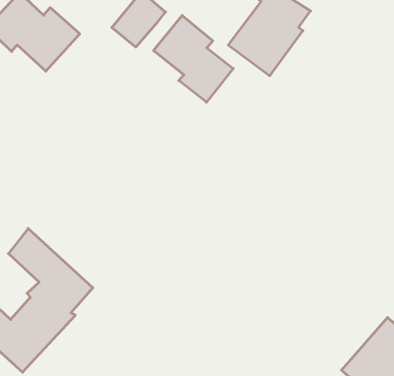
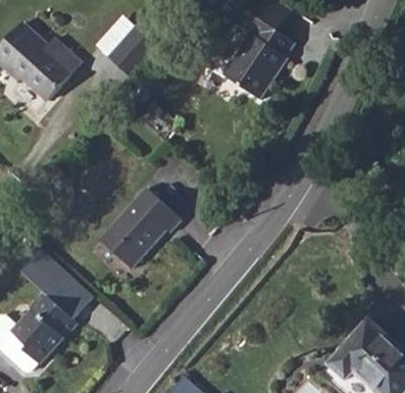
building: [154,15,233,102] -> none
building: none -> [102,189,184,266]

